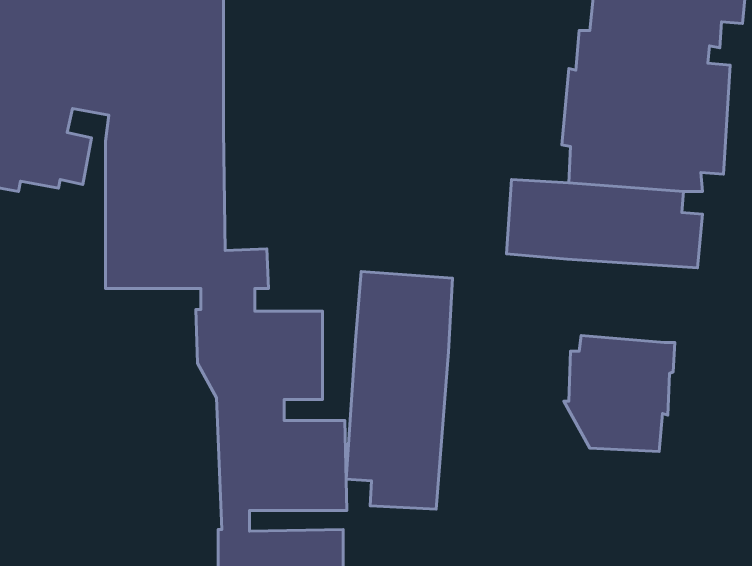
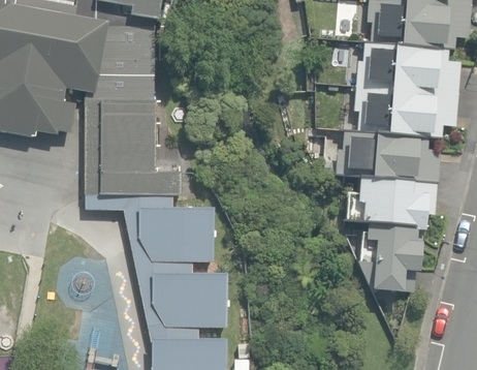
building: none -> [346,177,437,226]
building: [346,272,453,509] -> none

